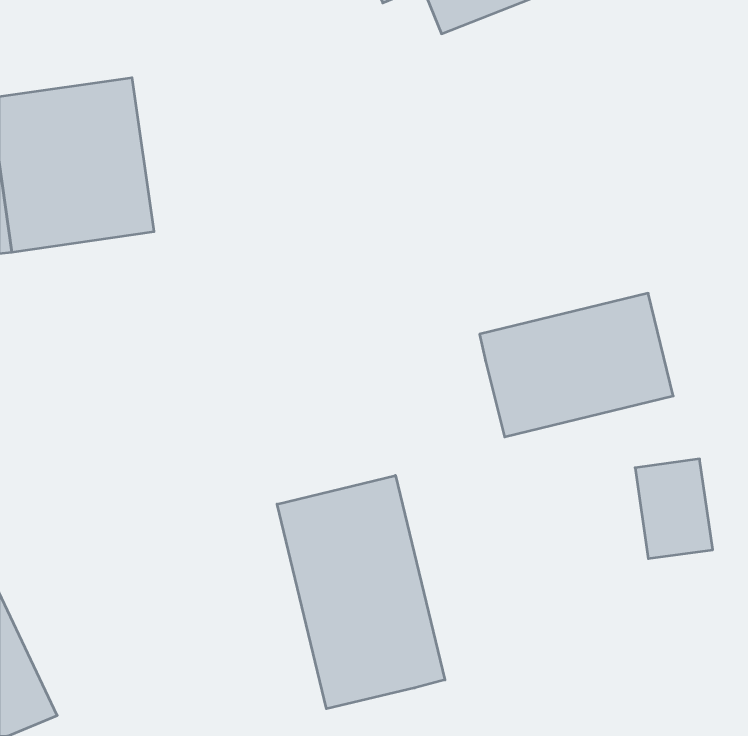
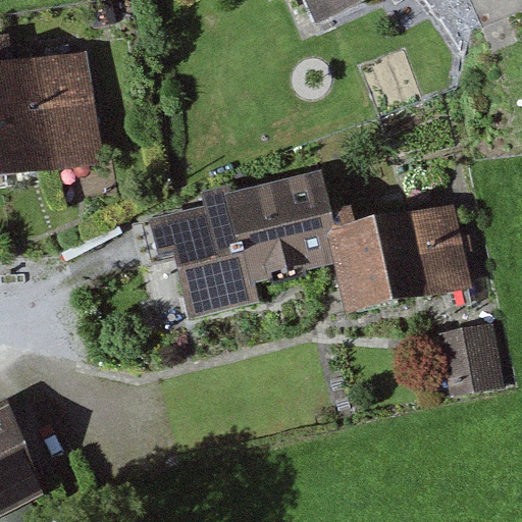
building: none -> [139,177,337,311]
building: [277,475,445,709] -> none

